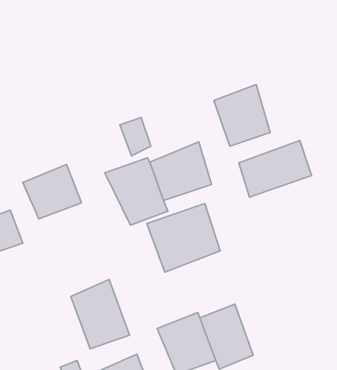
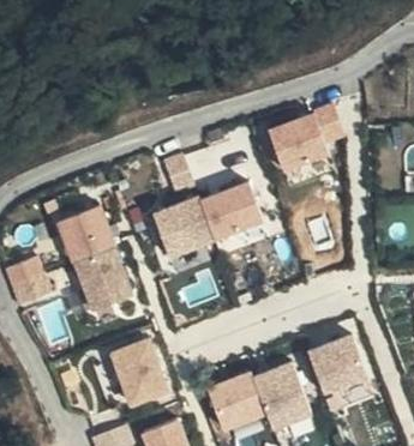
building: [239,140,311,197] -> none
building: none -> [71,247,139,313]
building: [147,203,220,272] -> none
building: none -> [306,331,367,398]

